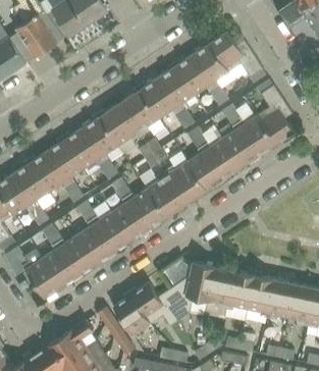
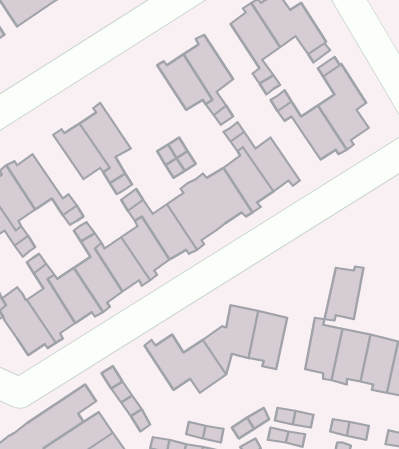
building: [173,55,214,96] -> none
building: [97,86,160,147] -> none
building: [222,123,259,170] -> none
building: [47,137,85,183] -> none
building: [226,270,255,310] -> [325,266,363,321]
building: [114,292,151,339] -> none

